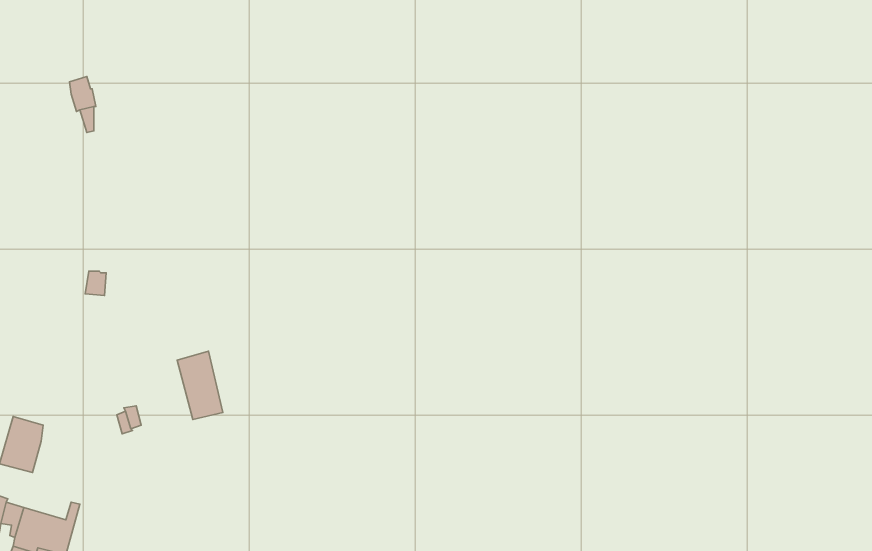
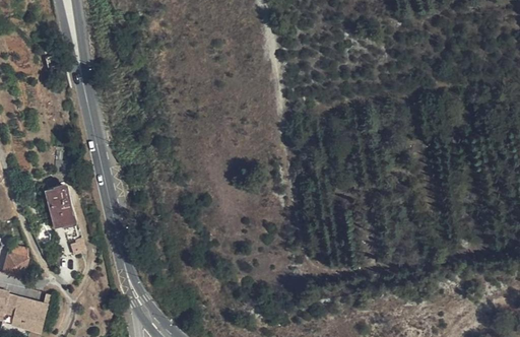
building: [177,351,223,420] -> [46,186,72,225]

